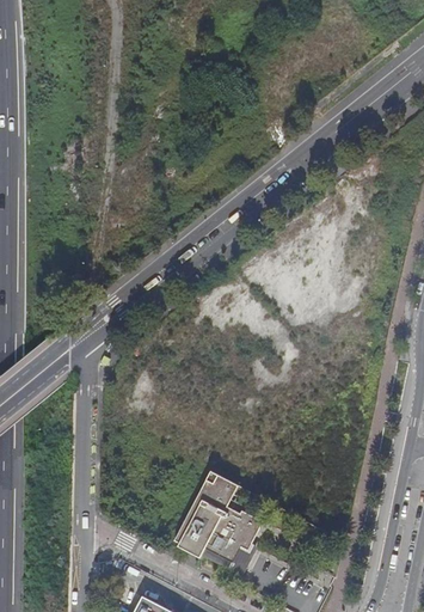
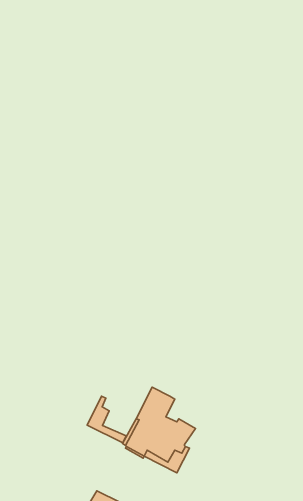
building: none -> [87,396,126,443]

